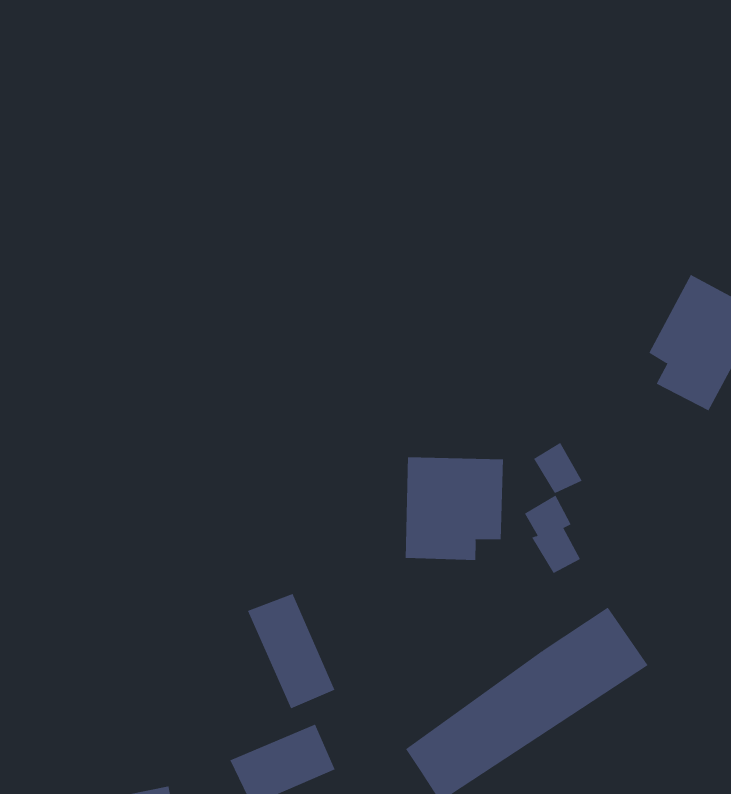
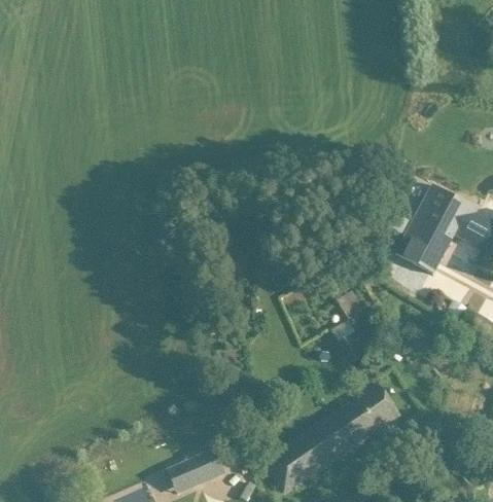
building: [405,457,503,561] -> none
building: [247,593,335,709] -> none

